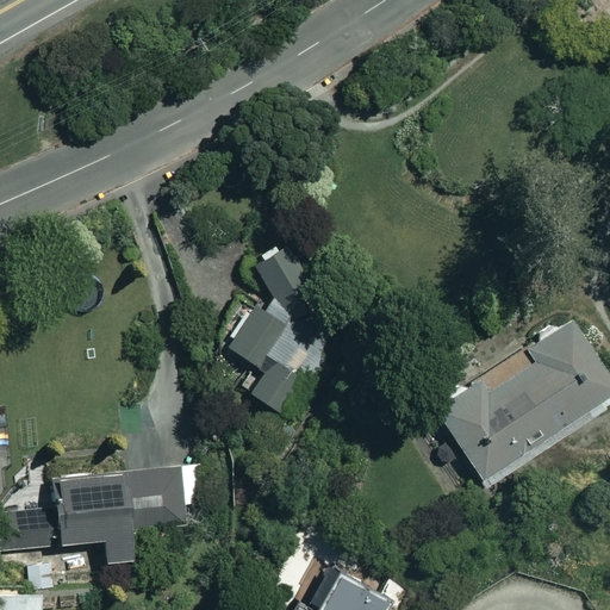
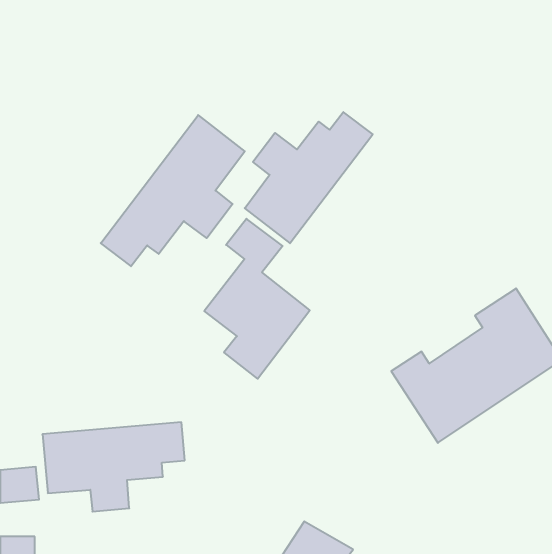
building: none -> [245,112,373,243]
building: none -> [101,115,245,266]

